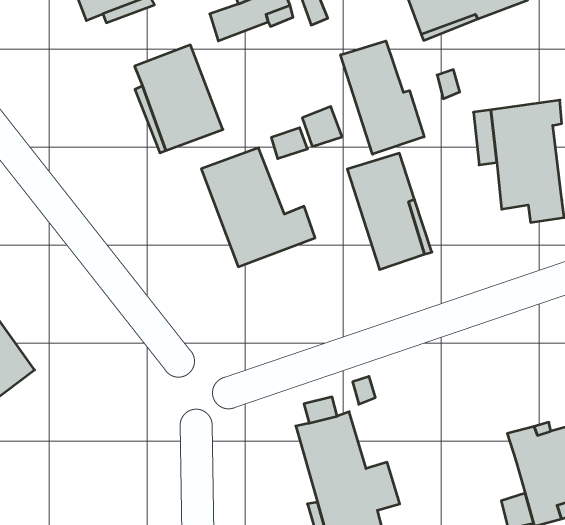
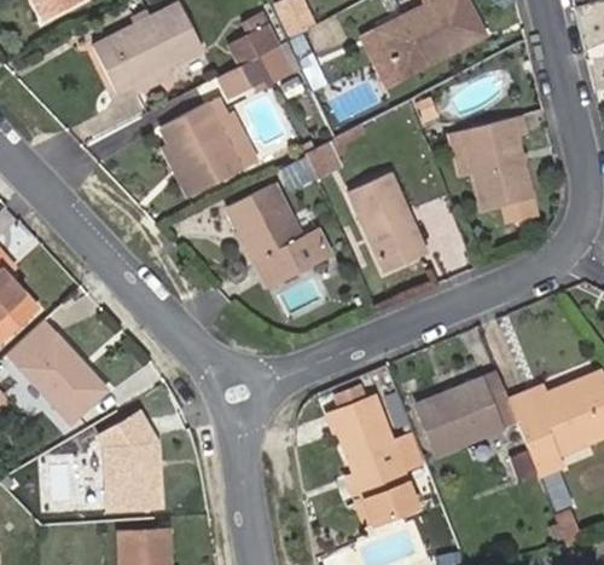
building: [341,41,424,154] -> none
building: none -> [416,373,517,454]
building: none -> [100,413,161,509]

